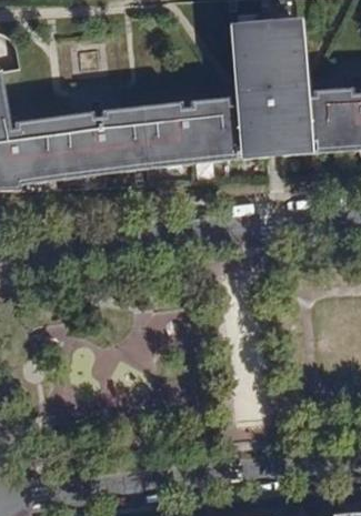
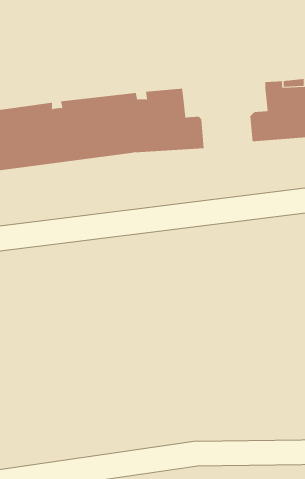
building: [228,22,313,160] -> none

